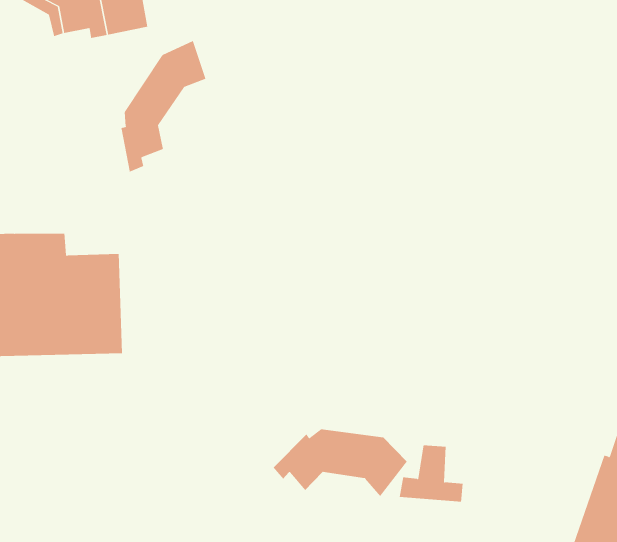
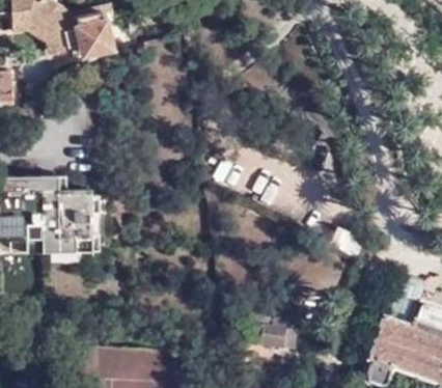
building: [121,40,206,172] -> none
building: [273,428,407,497] -> none

